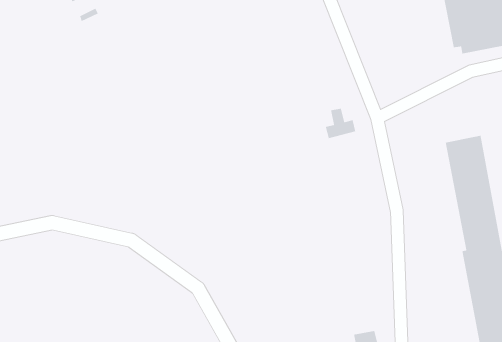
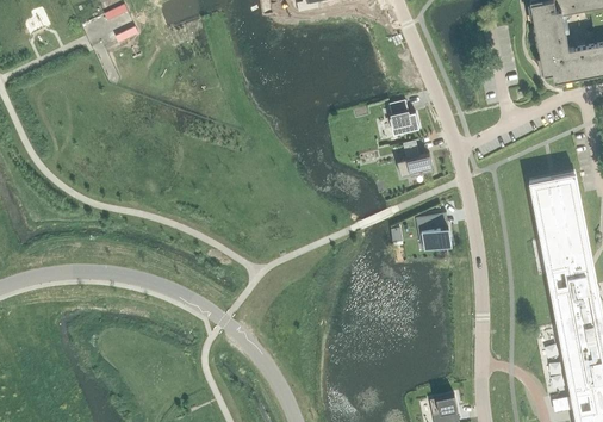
building: none -> [388,101,419,136]
building: none -> [416,216,450,250]

